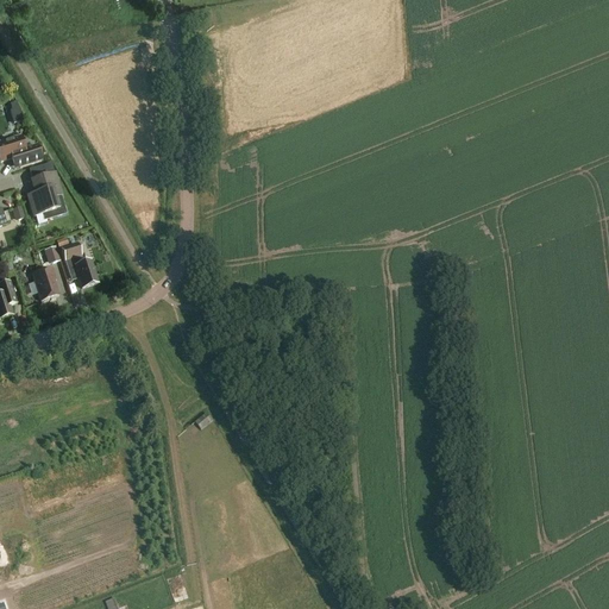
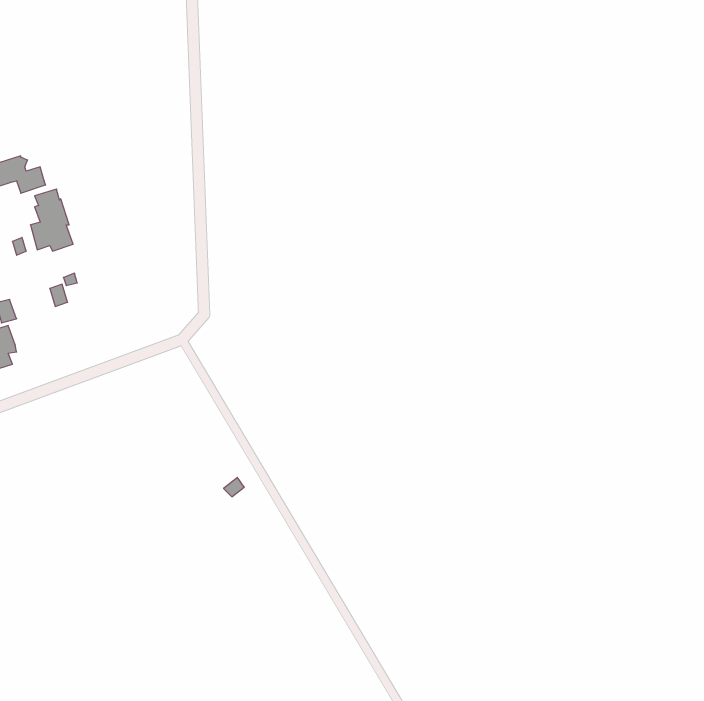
building: [61,244,96,287] -> none
building: [31,266,57,300] -> none

